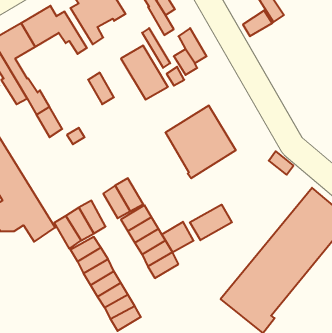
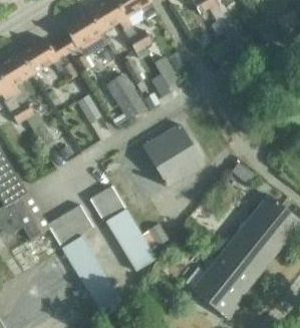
building: [190,205,232,240] -> none

